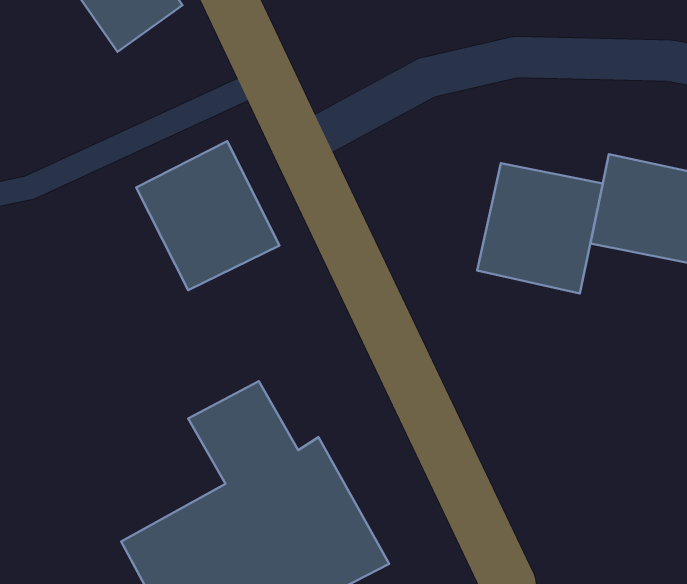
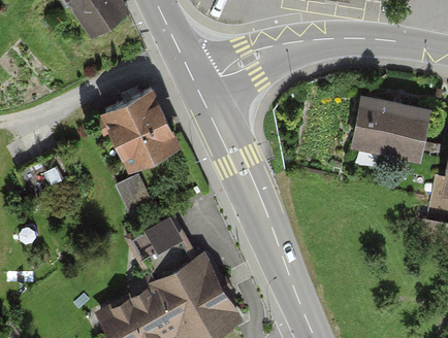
building: [477,163,603,294] -> none
building: none -> [116,169,153,207]

